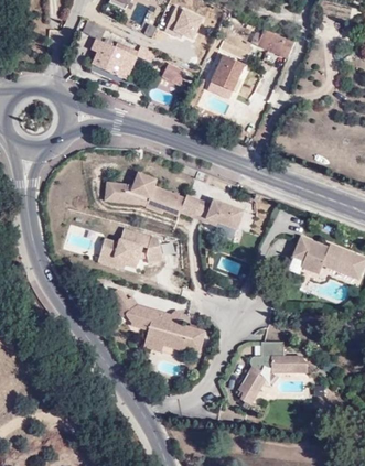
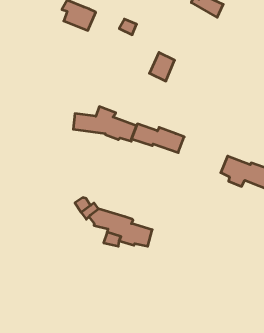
building: [212,55,244,91] -> [149,52,175,81]
building: [96,229,163,273] -> none
building: [237,343,308,411] -> none

